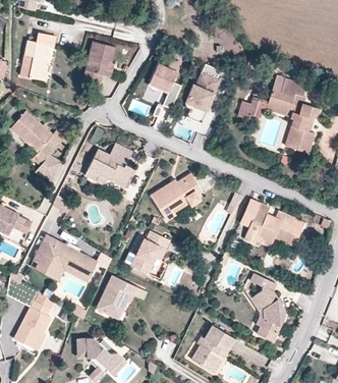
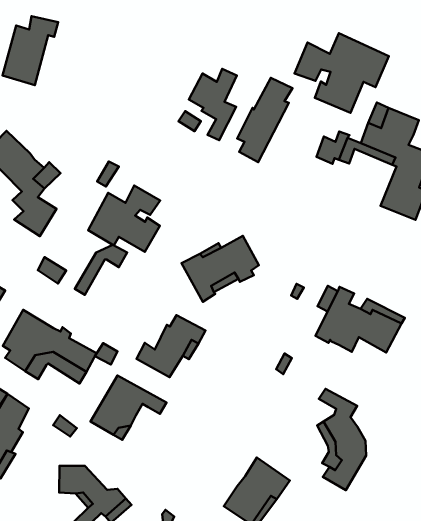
building: none -> [294,33,389,113]
building: [83,43,115,84] -> none
building: none -> [75,245,127,295]

